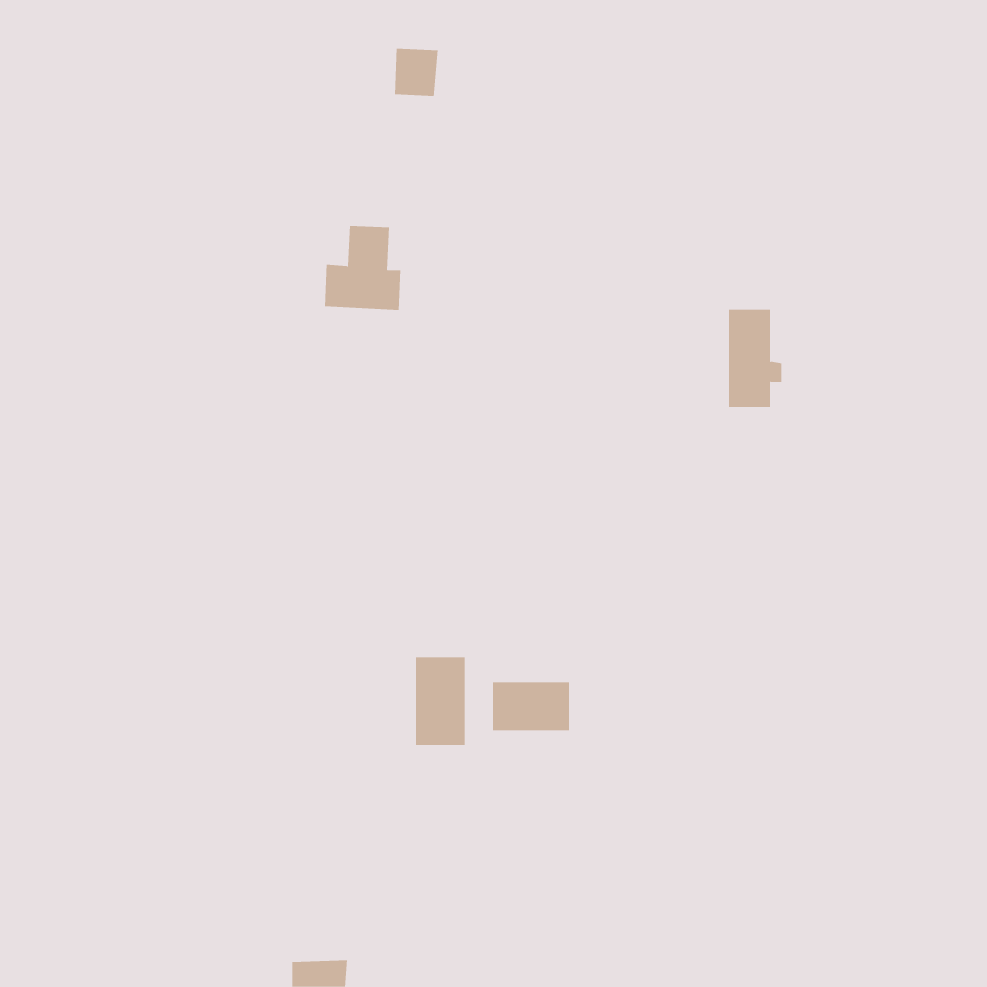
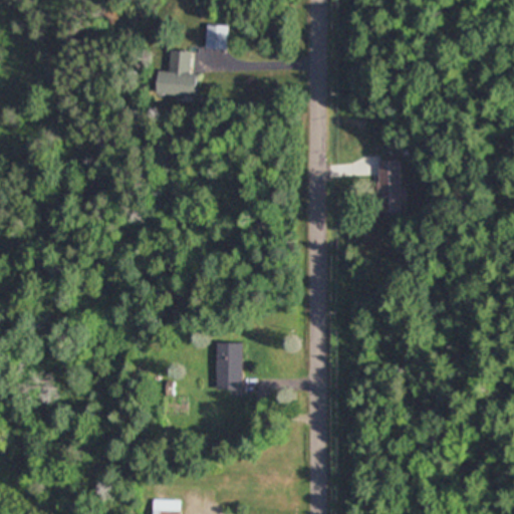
building: [324,225,401,310] -> [157,51,197,95]
building: [492,681,569,731] -> none

